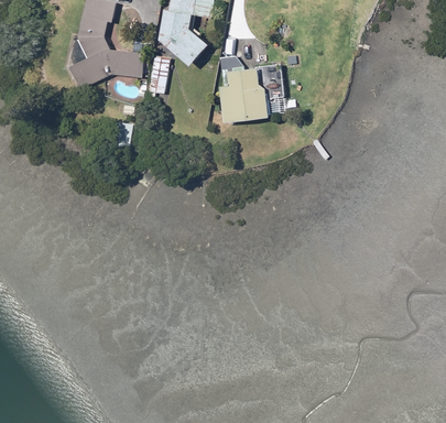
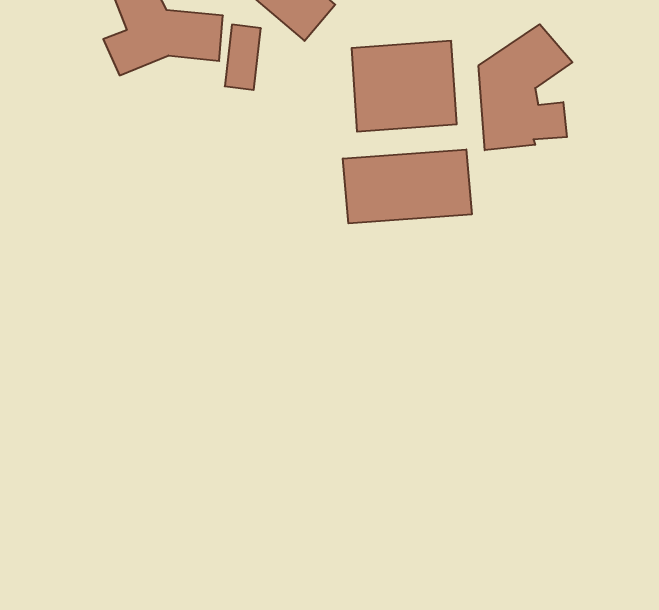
building: none -> [479,24,572,150]
building: none -> [343,149,472,223]

